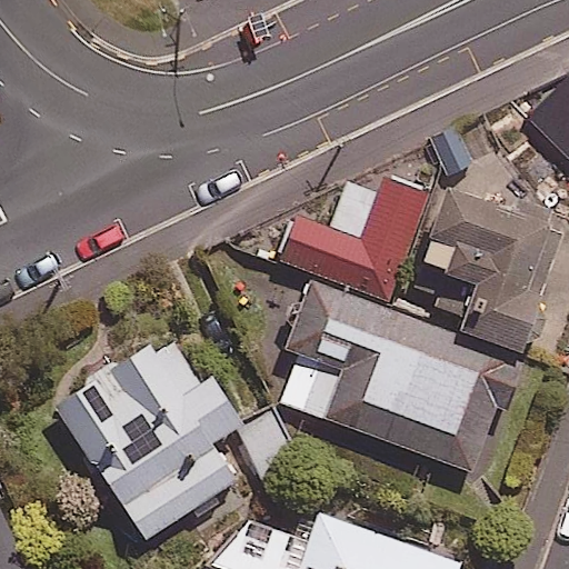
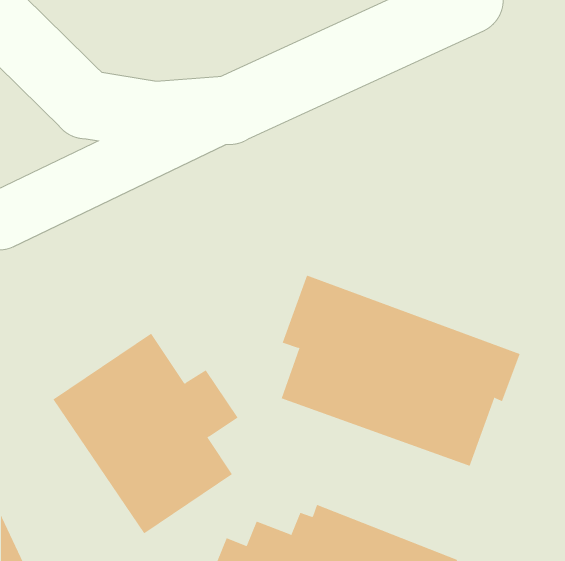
building: [280,177,430,303] -> none
building: [419,184,559,350] -> none

